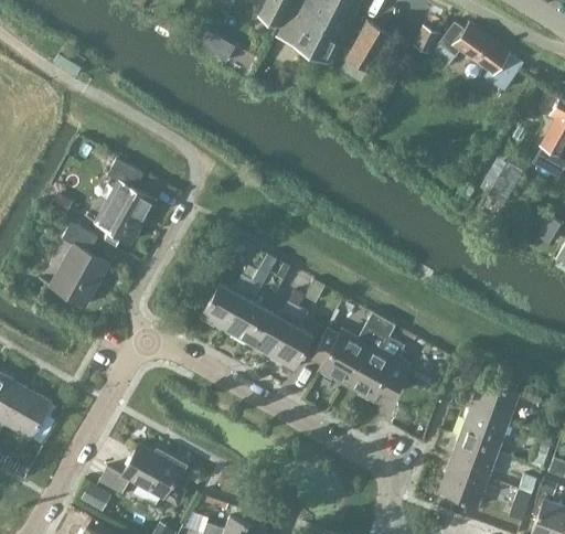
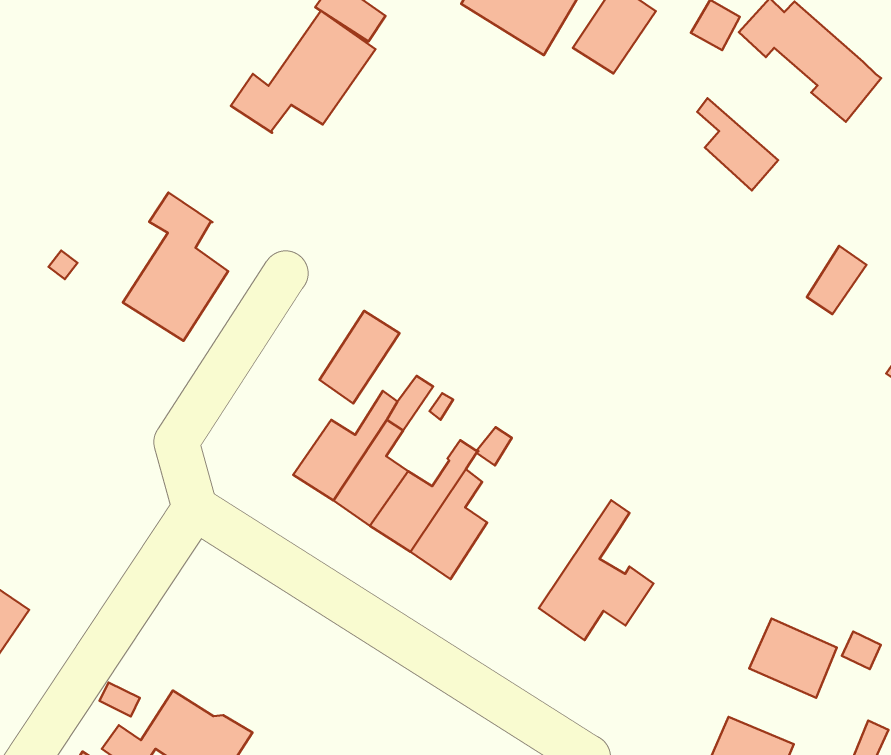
building: none -> [231,11,375,133]
building: none -> [697,98,778,191]
building: none -> [319,311,400,403]
building: [50,222,108,307] -> none
building: [310,312,383,383] -> none
building: [459,409,509,451] -> none

